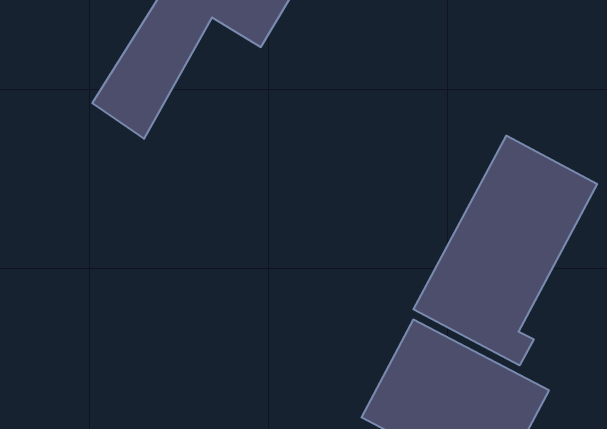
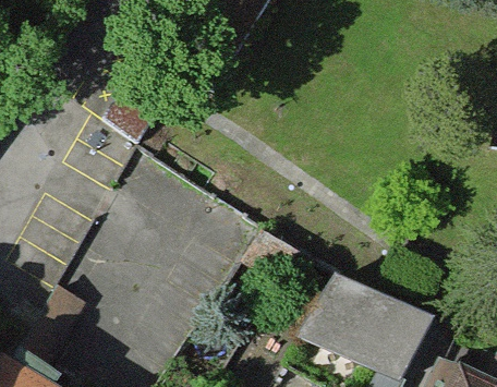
building: [413,136,597,365] -> none

